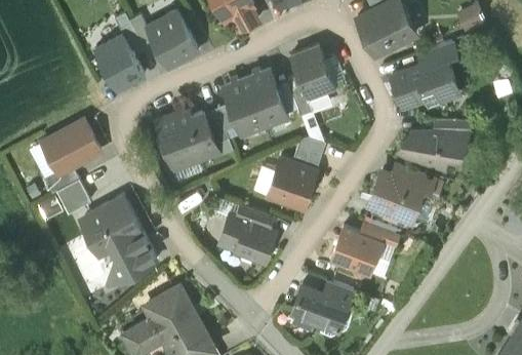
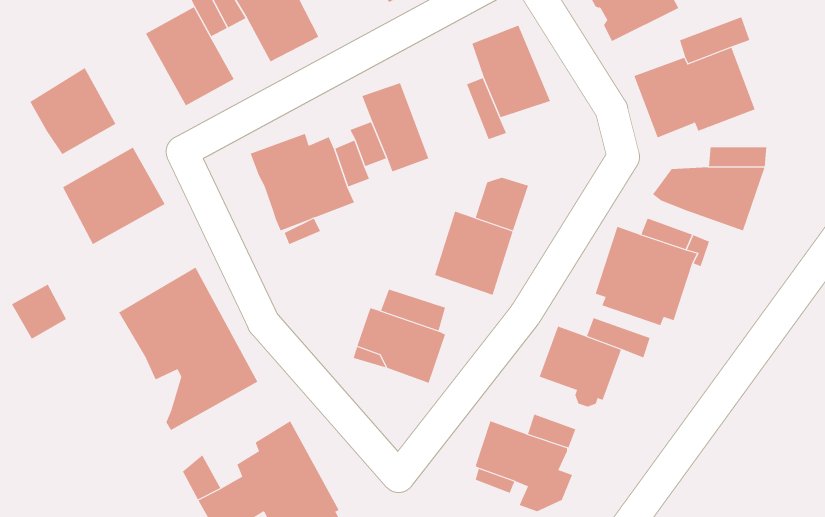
building: none -> [30,67,116,155]
building: [246,71,286,126] -> none
building: [55,181,89,214] -> [11,284,67,340]

